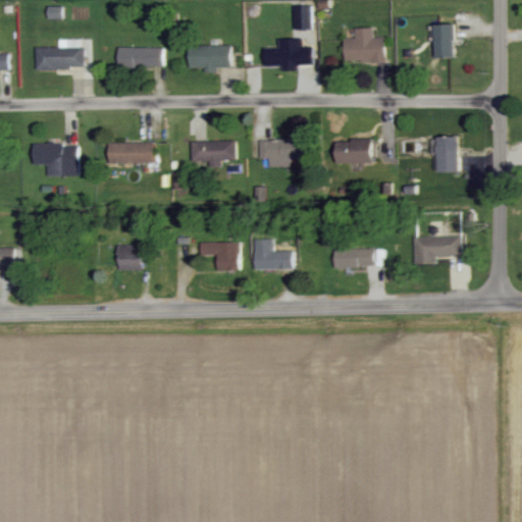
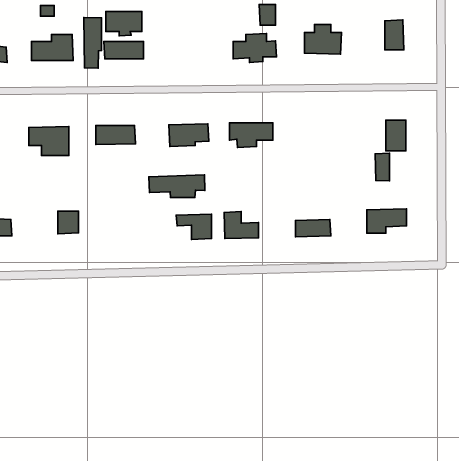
building: none -> [84,18,102,68]
building: [189,46,229,73] -> [106,12,142,36]
building: [335,140,372,163] -> none
building: none -> [375,153,389,181]
building: none -> [149,175,205,198]
building: [117,246,141,271] -> [58,211,79,234]

